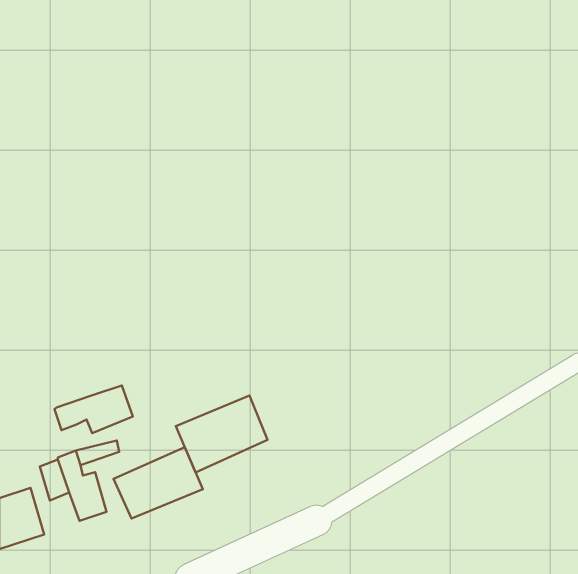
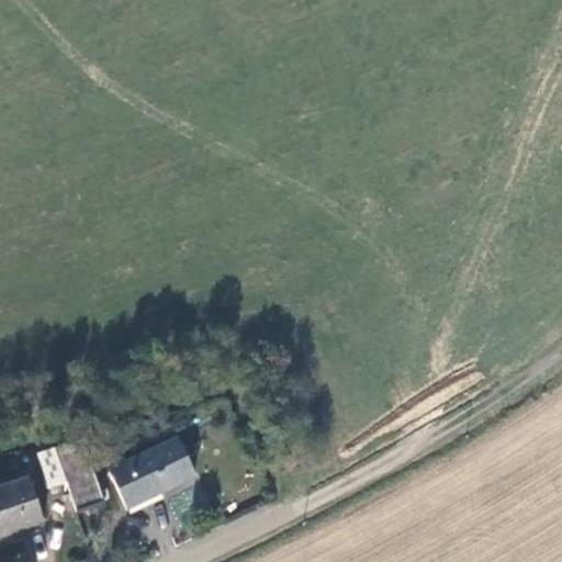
building: [55,386,133,433] -> none
building: [176,395,268,472] -> none

